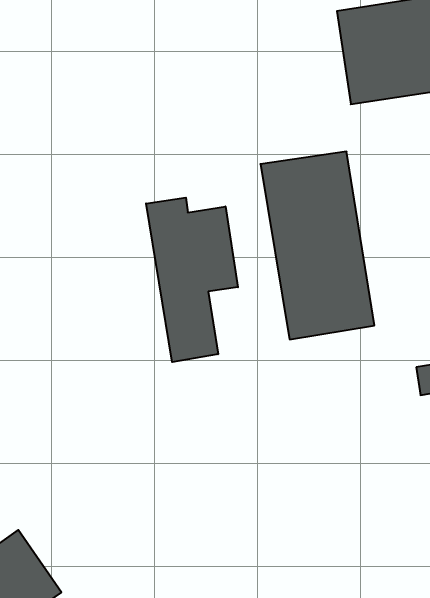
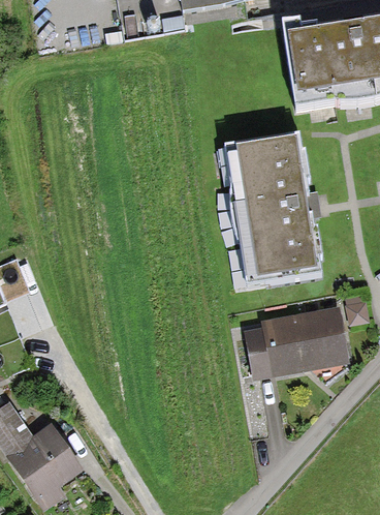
building: [146,198,238,362] -> none
building: none -> [246,305,348,377]

